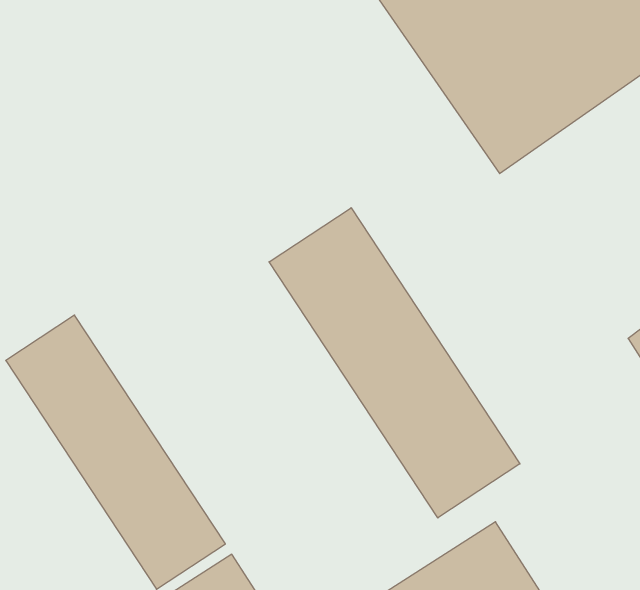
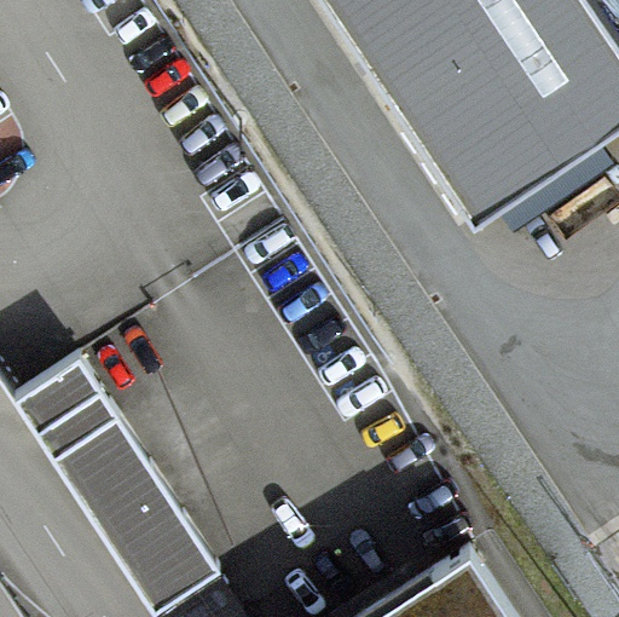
building: [269,208,520,518] -> none

